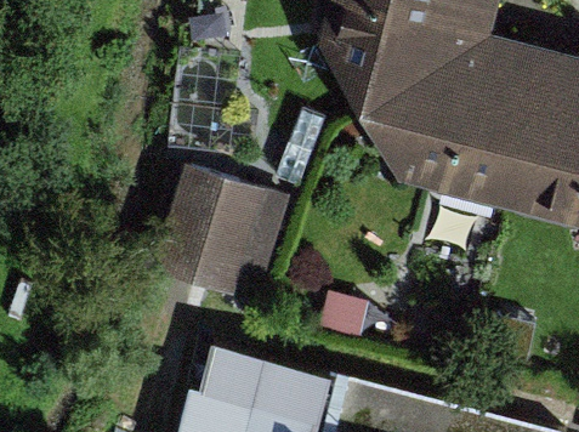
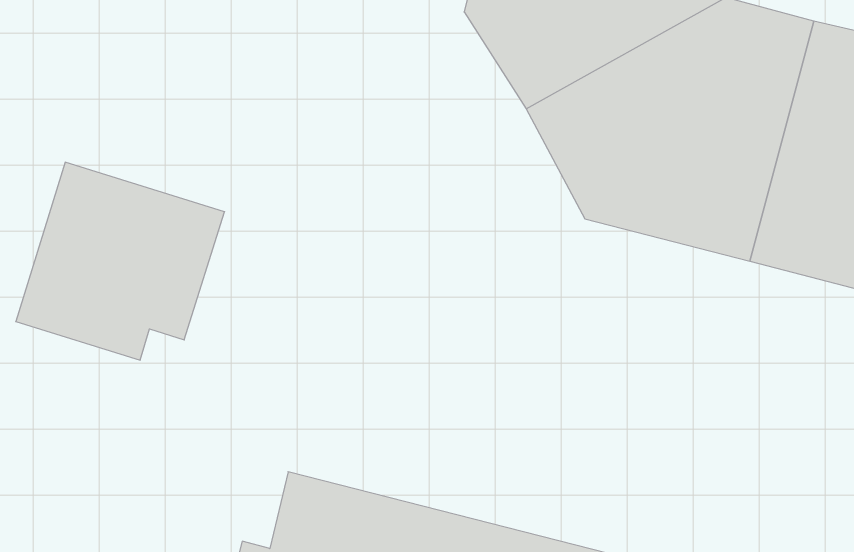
building: [153,167,291,299] -> [16,162,225,360]

